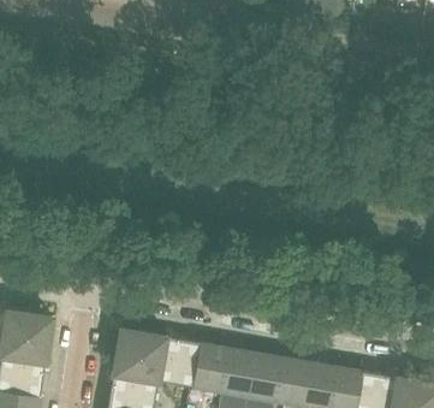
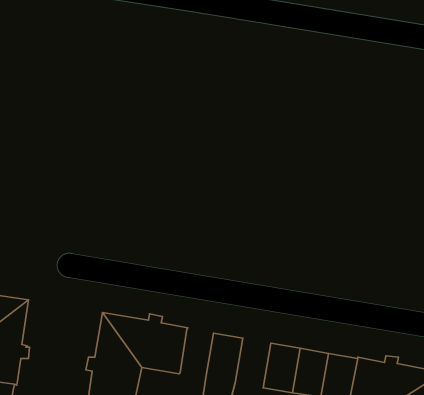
building: [195,343,226,389] -> none
building: [246,351,280,398] -> none

